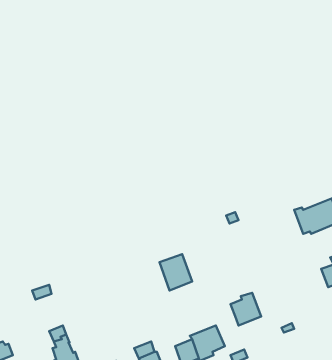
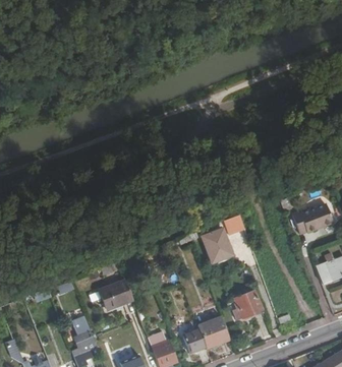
building: [159,254,192,291] -> [204,229,233,261]
building: none -> [100,280,133,309]

